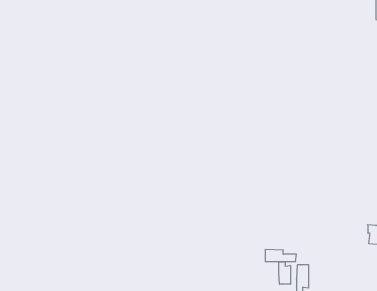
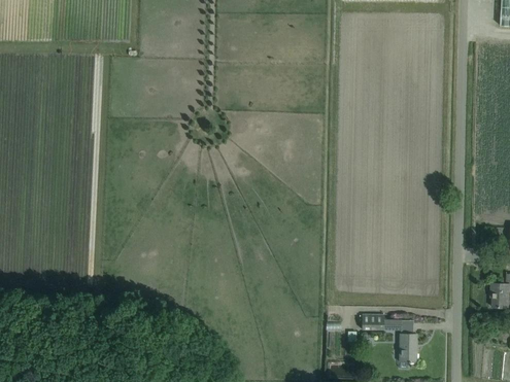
building: [279,262,290,284] -> none

